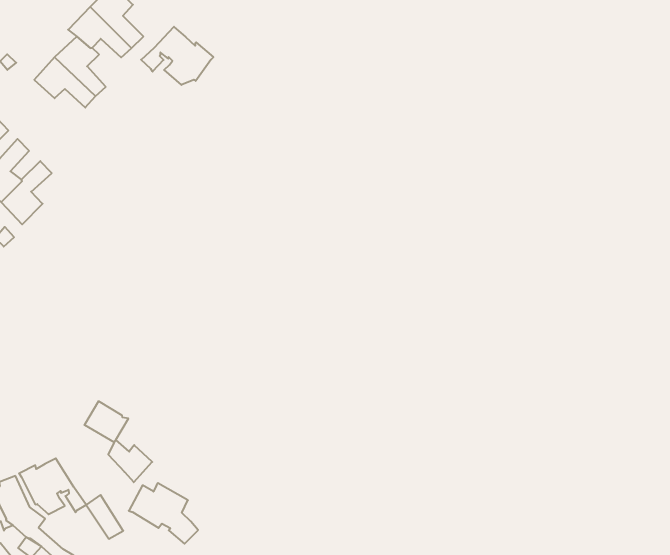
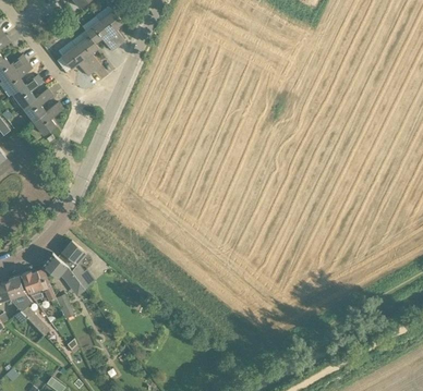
building: [141,27,213,85] -> none
building: [129,483,198,544] -> [43,253,80,289]

